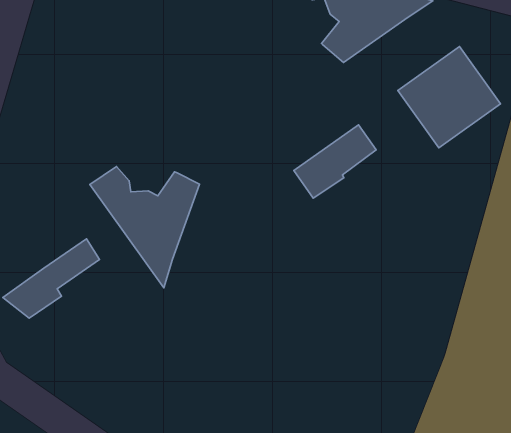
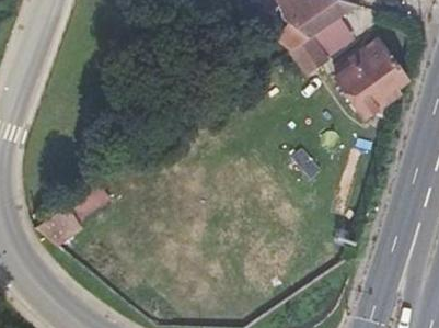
building: [294,125,376,198] -> [293,15,355,70]
building: [90,167,199,288] -> none

